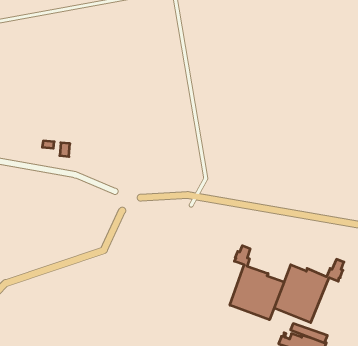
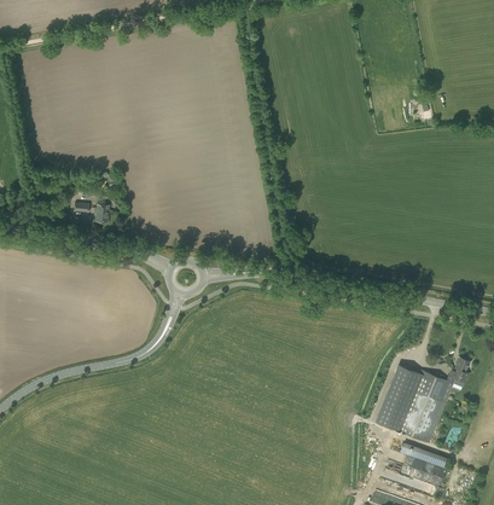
building: [230,246,284,320] -> none

